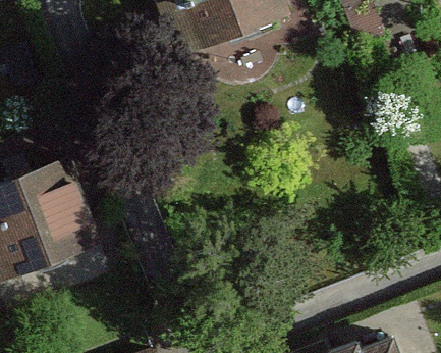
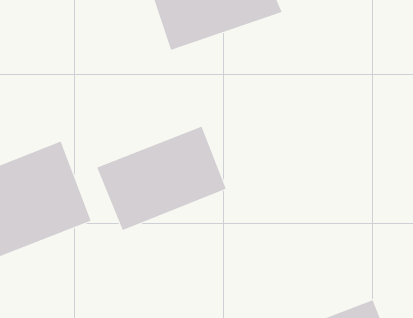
building: none -> [96,126,226,231]

